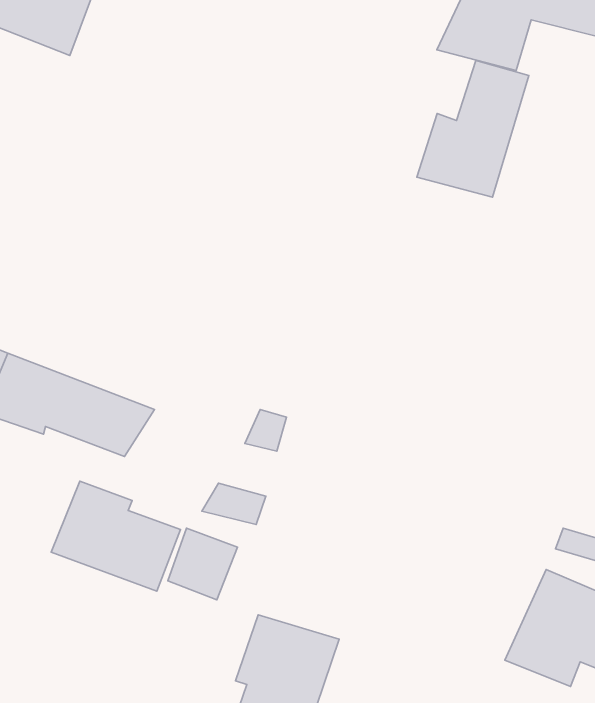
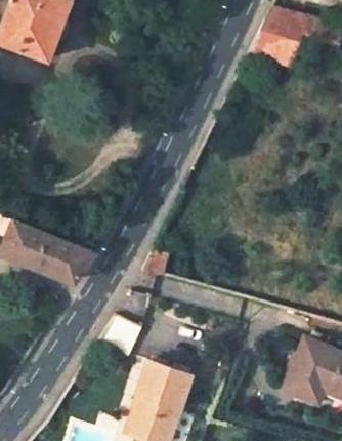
building: [417,61,529,197] -> none
building: [51,481,180,591] -> none

